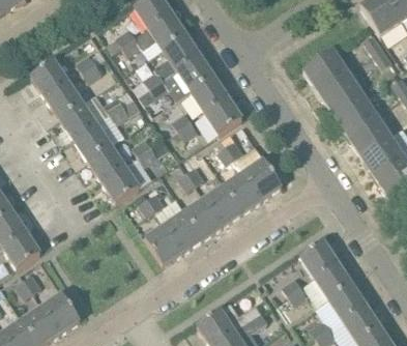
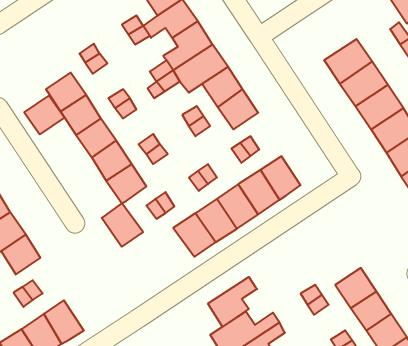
building: [31,60,68,96] -> [24,95,65,134]
building: [145,225,183,265] -> [102,203,143,247]
building: [300,241,338,278] -> none
building: none -> [208,277,257,327]

